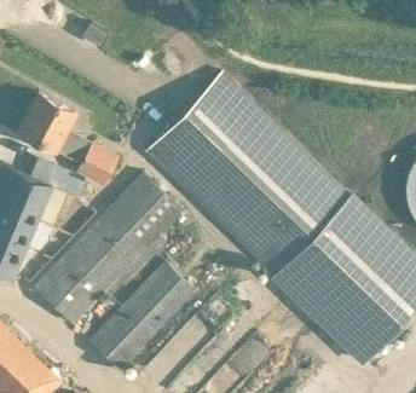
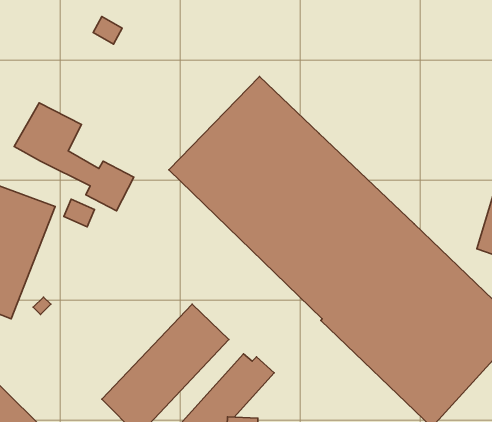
building: [34,173,183,325] -> none

